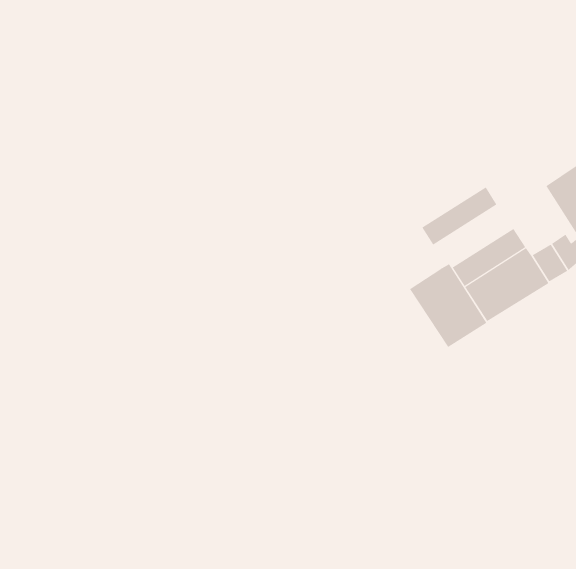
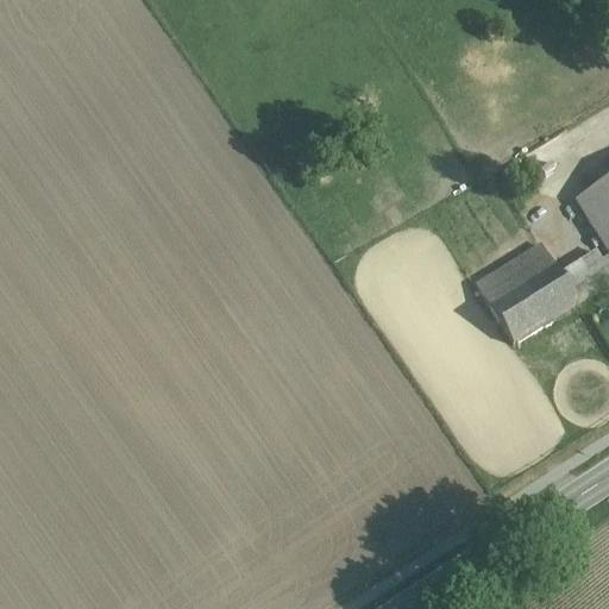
building: [422,186,497,246] -> none
building: [410,264,487,348] -> none

